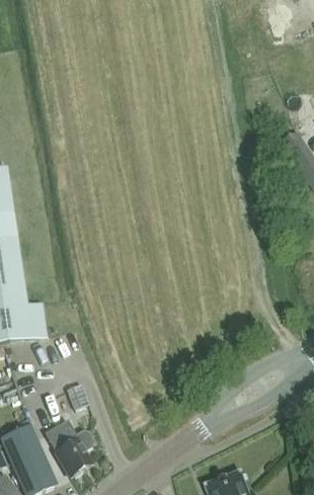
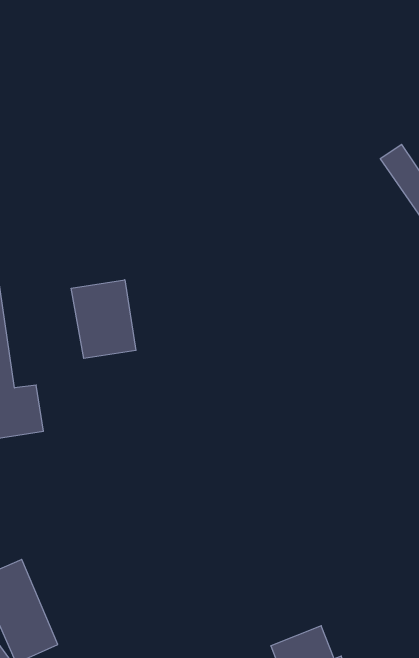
building: none -> [71,280,136,358]
building: [46,419,93,476] -> none

